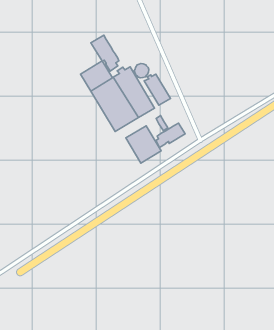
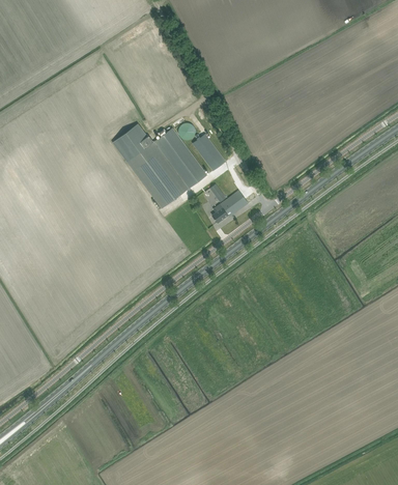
building: [91,35,119,71] -> none
building: [126,126,161,163] -> none

